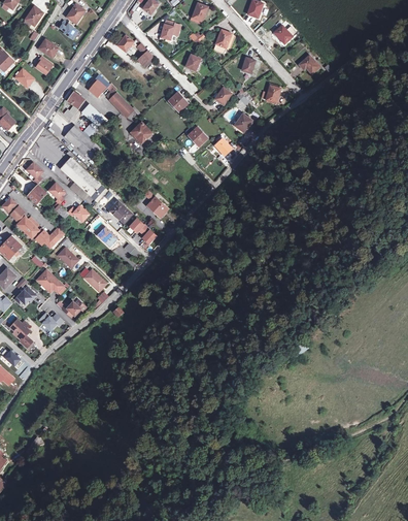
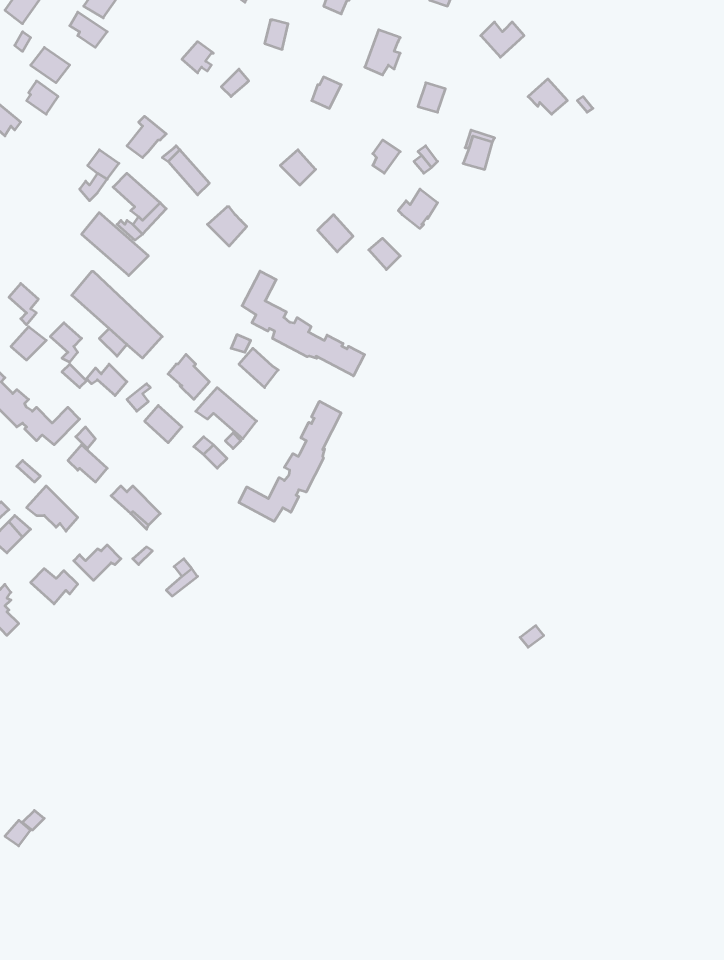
building: none -> [242,271,365,376]
building: none -> [239,401,341,521]

